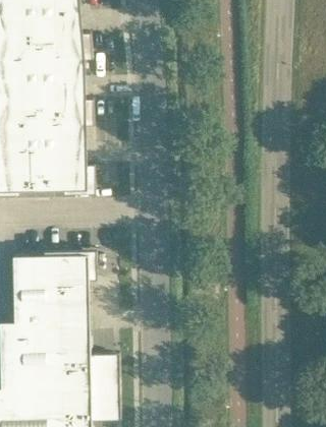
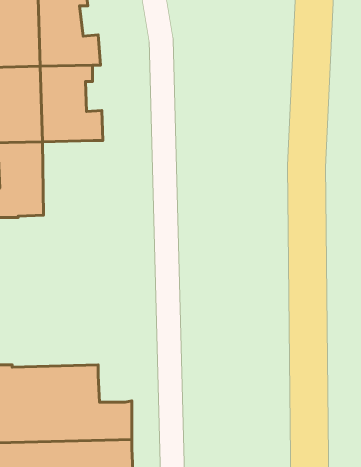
building: [39,126,93,192] -> none
building: [11,256,93,324] -> none

